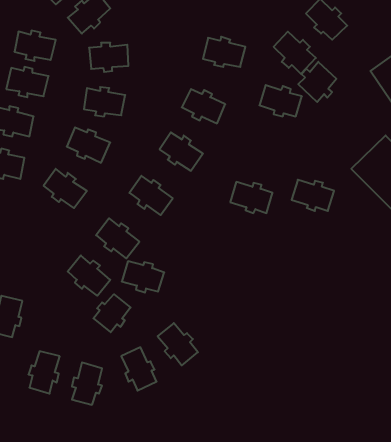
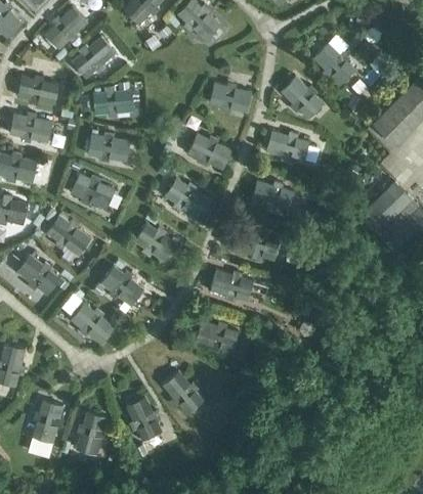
building: [298,62,336,102] -> none
building: [292,180,334,211] -> [251,180,294,212]
building: none -> [16,254,60,295]
building: none -> [210,269,253,301]
building: [122,261,164,293] -> [196,320,239,352]
building: [93,294,131,332] -> none

